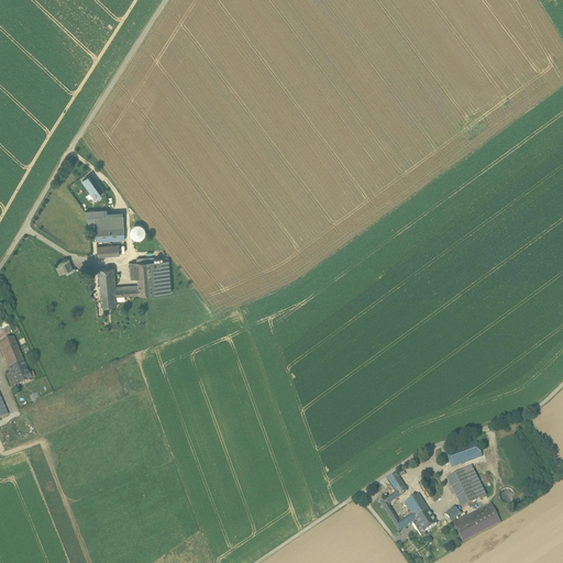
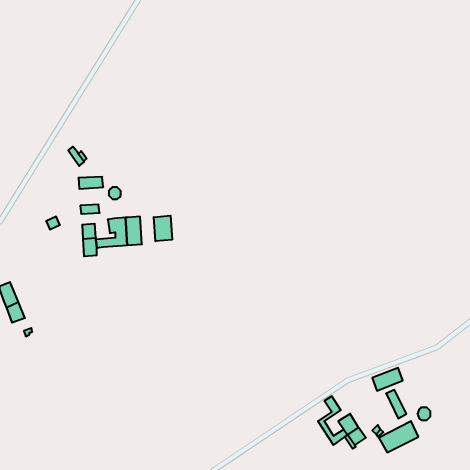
building: [95,223,124,240] -> none
building: none -> [154,216,172,241]
building: [445,470,475,507] -> none

